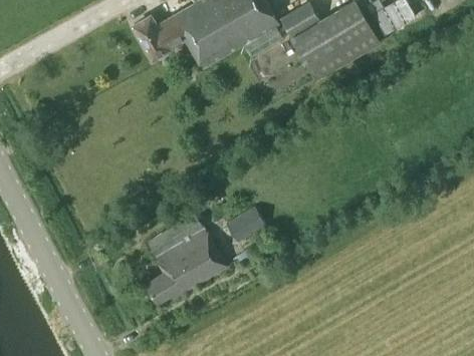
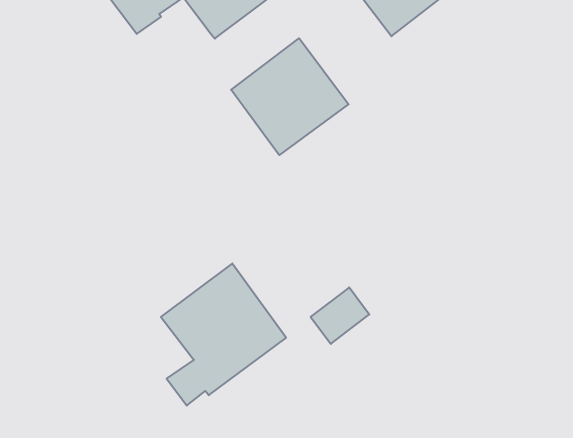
building: none -> [231,38,349,155]
building: [226,207,264,242] -> [311,287,369,344]

